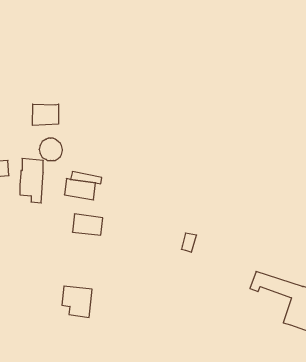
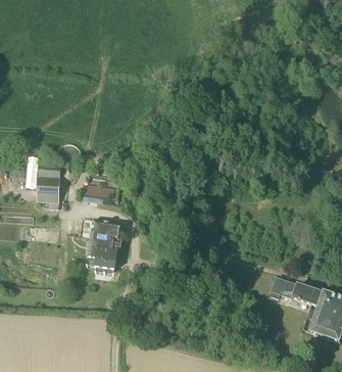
building: [32,104,59,125] -> none
building: [62,286,92,317] -> [88,238,118,270]

